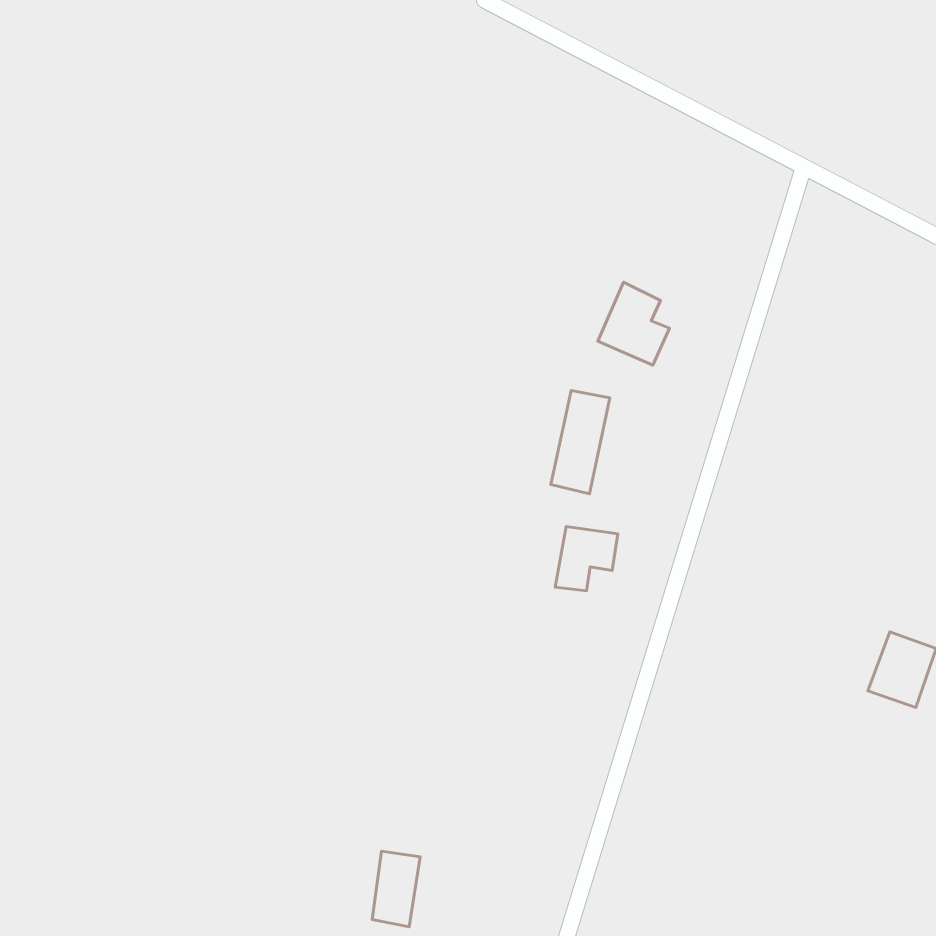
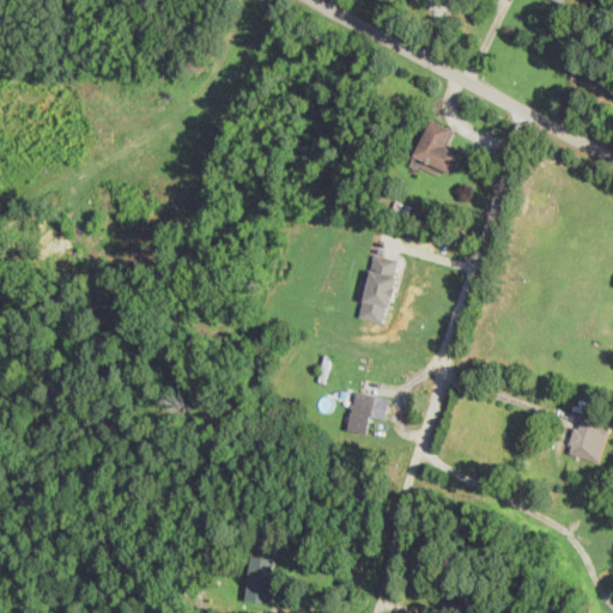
building: [598,282,670,365] -> [411,120,457,174]
building: [555,526,618,591] -> [345,393,386,435]

